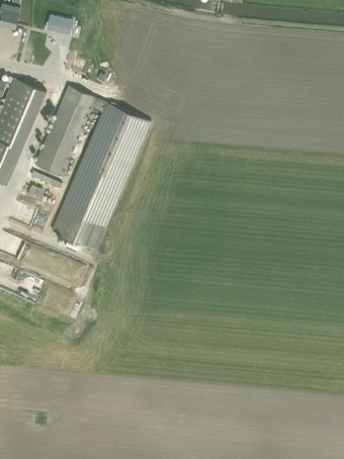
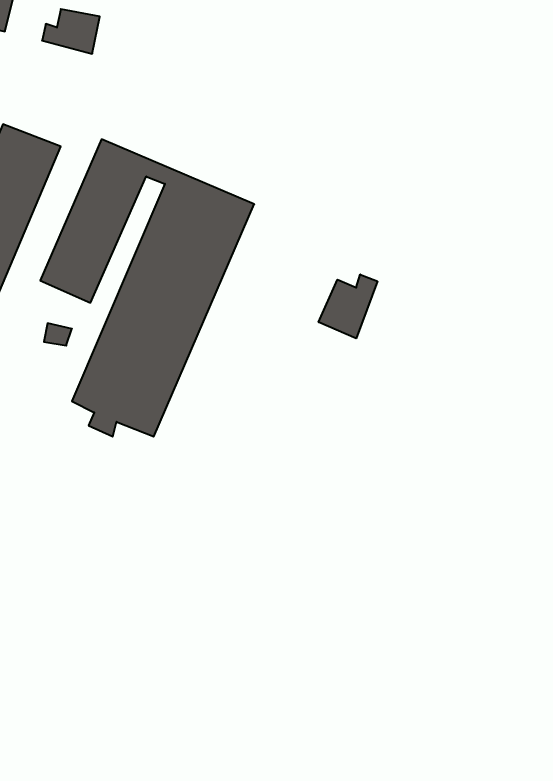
building: none -> [319,274,377,338]

